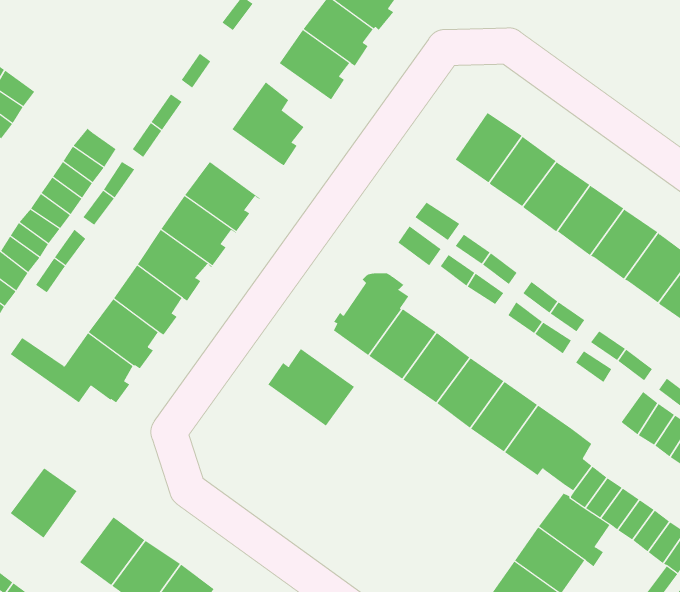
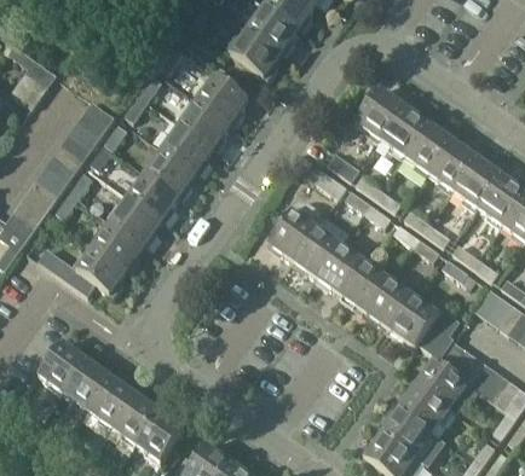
building: none -> [180,100,230,150]
building: [267,345,355,426] -> none
building: none -> [62,359,111,410]

